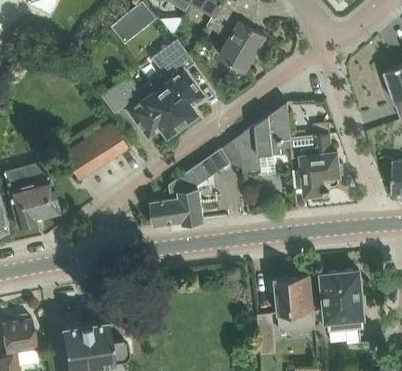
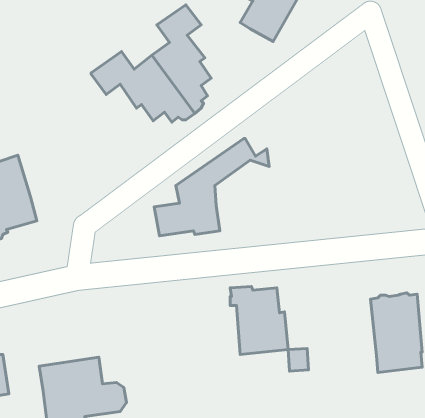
building: [224,102,293,173] -> none
building: [63,124,127,180] -> none
building: [302,124,345,195] -> none
building: [271,277,317,331] -> [230,286,288,355]

